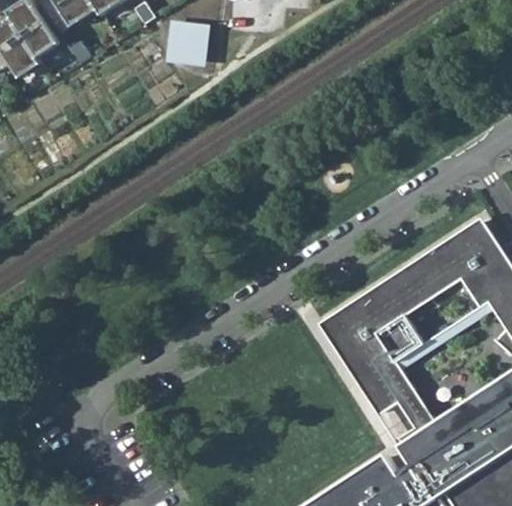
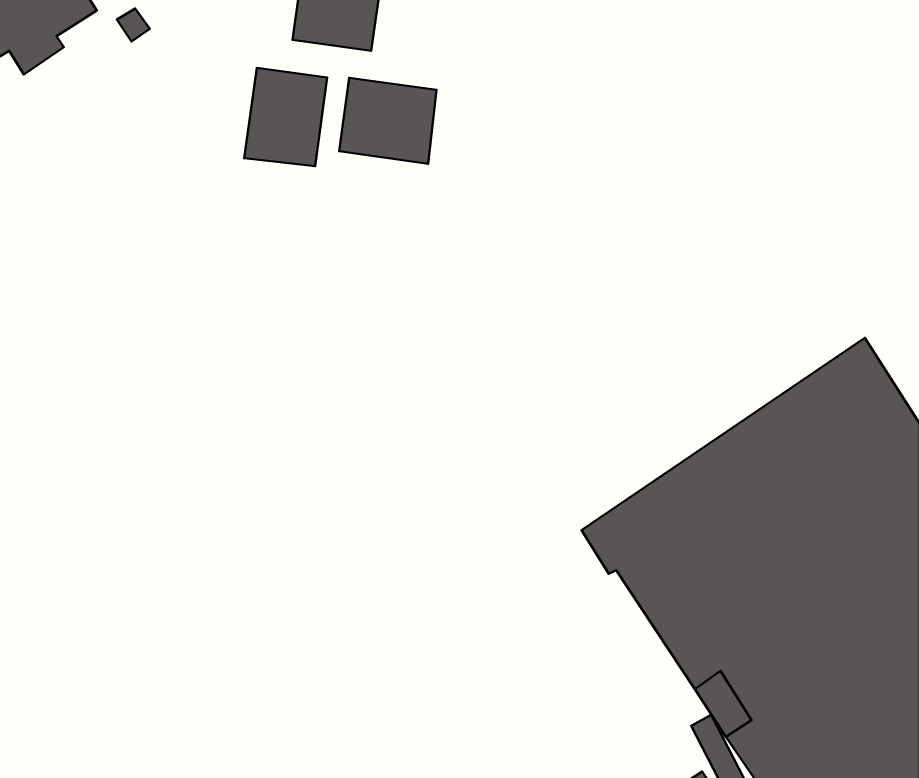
building: none -> [244,68,327,166]
building: none -> [339,78,437,164]

